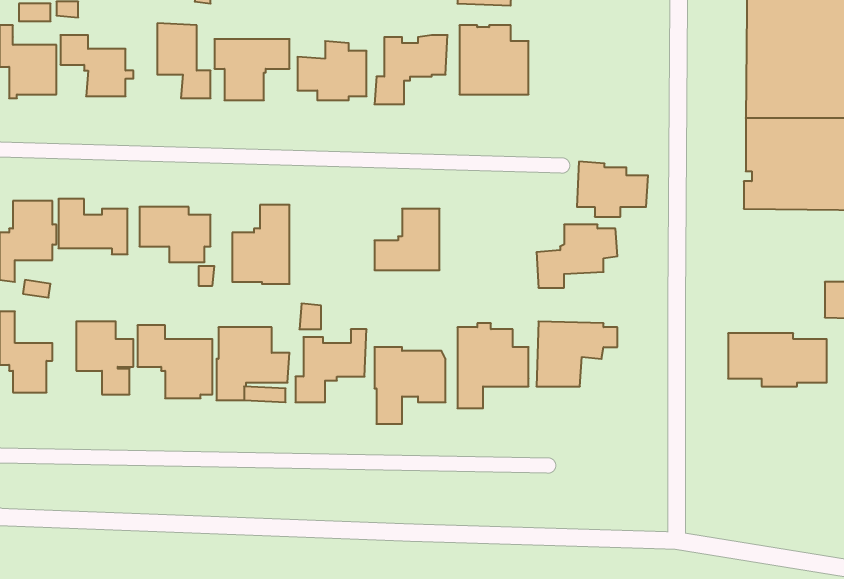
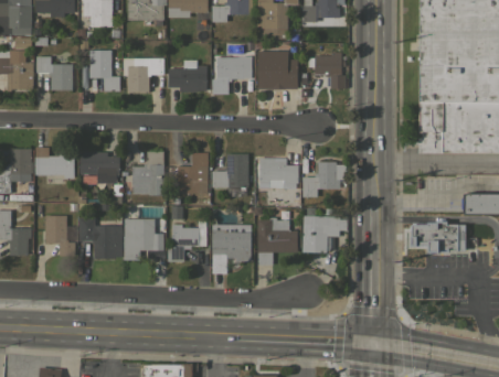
building: none -> [308,53,344,89]
building: [577,162,648,217] -> [258,158,298,188]
building: none -> [177,153,208,194]

